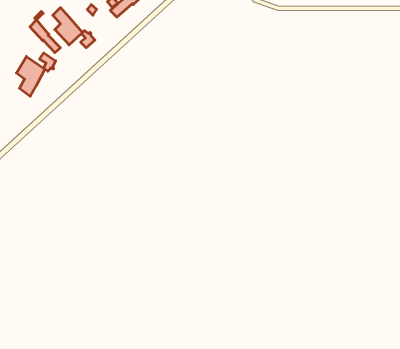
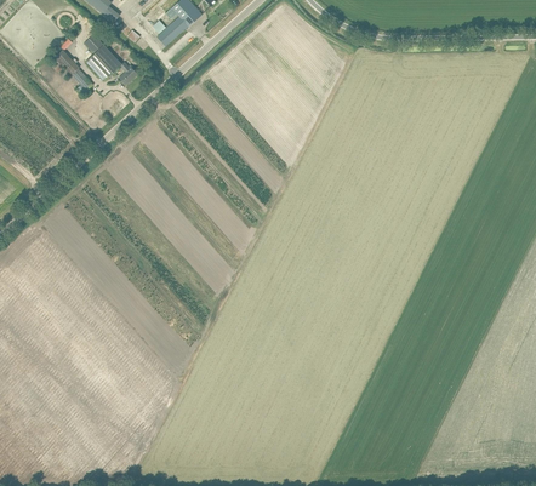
building: [16,53,56,96] -> none

